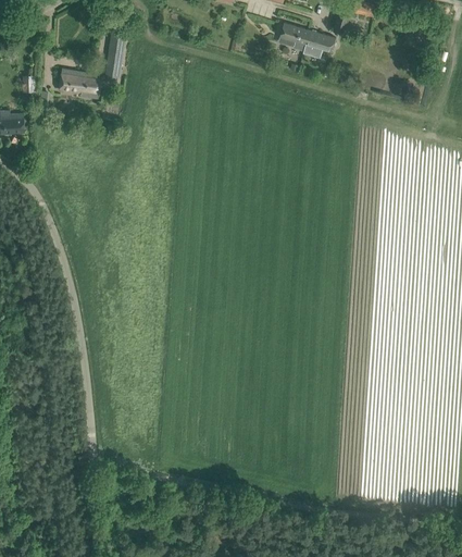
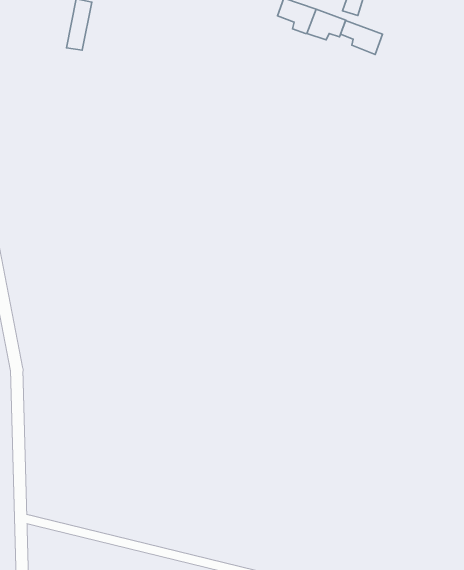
building: none -> [341,20,382,54]
building: [59,70,101,99] -> none

